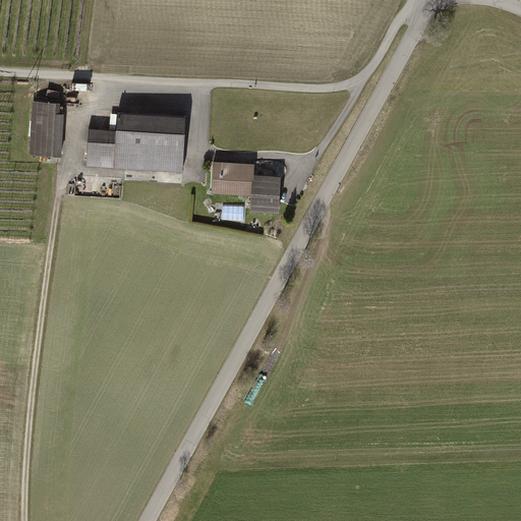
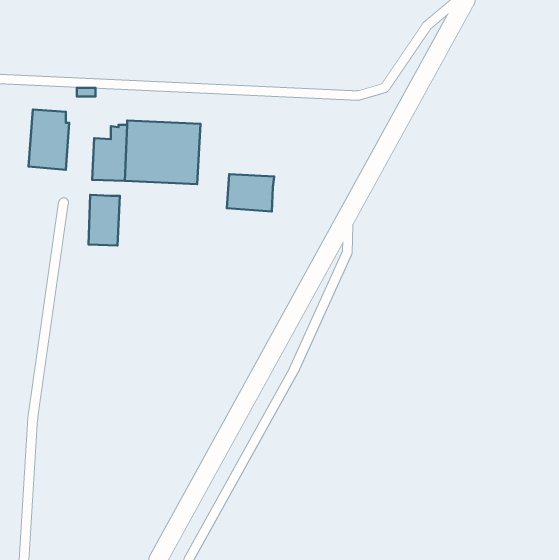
building: [251,174,281,211] -> none
building: none -> [89,195,120,246]

